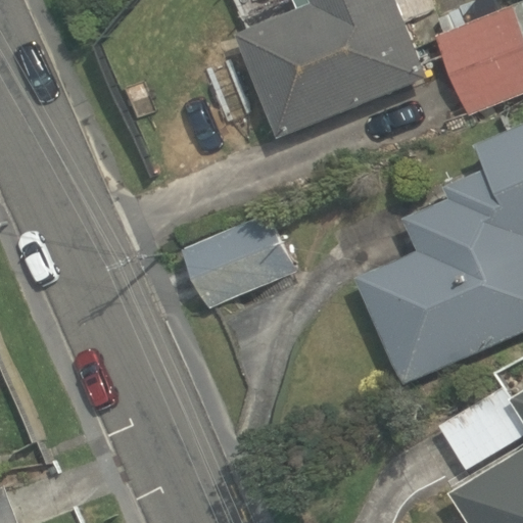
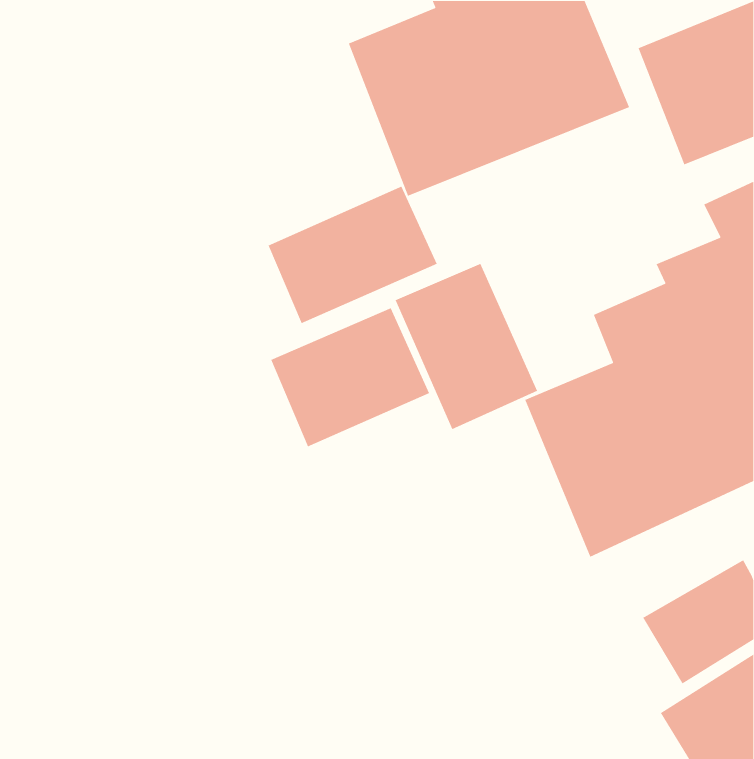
building: none -> [267,185,438,324]
building: none -> [394,263,538,430]

